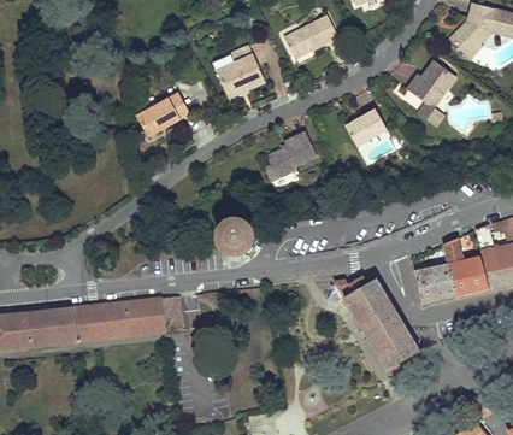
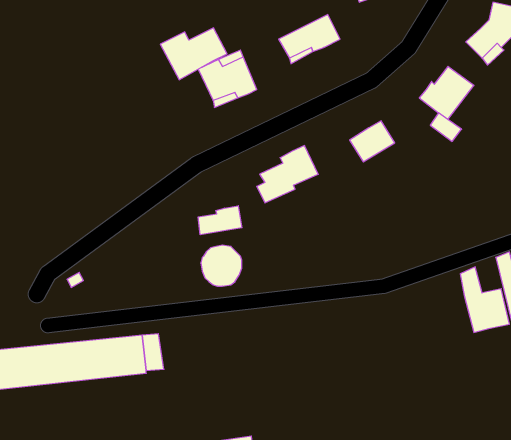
building: [131,92,190,137] -> [160,28,227,80]
building: none -> [198,206,242,235]
building: [414,263,456,304] -> none
building: [334,276,418,369] -> none

